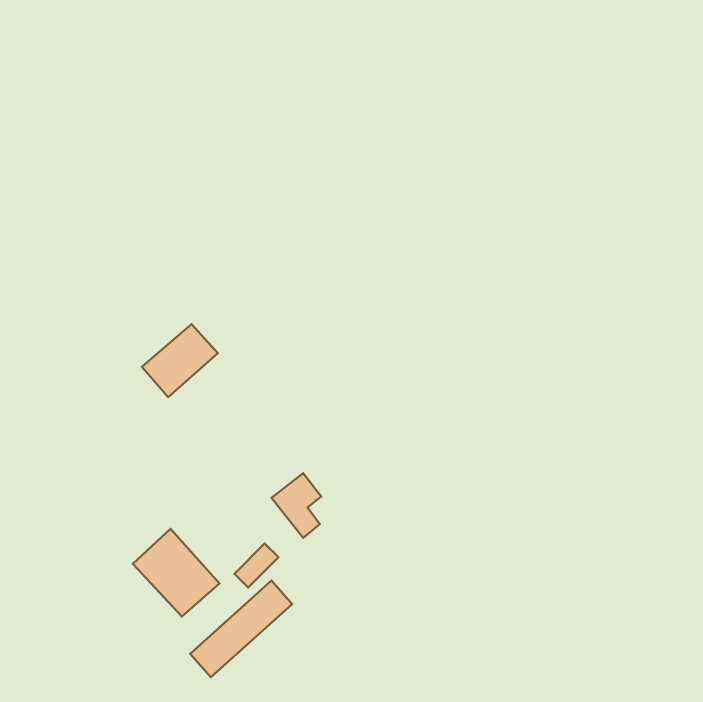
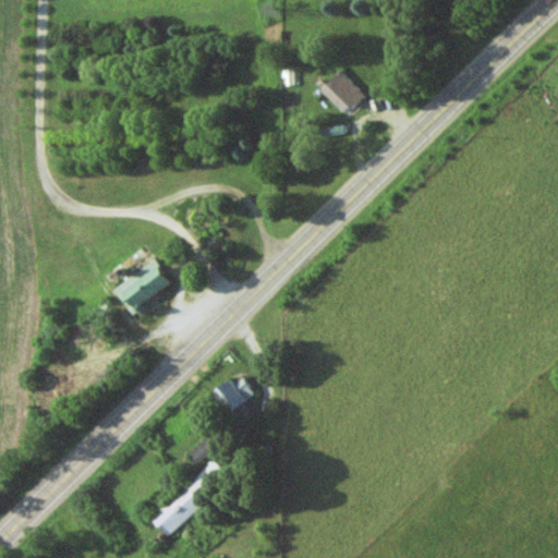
building: none -> [320,70,364,114]
building: [133,529,219,617] -> none

